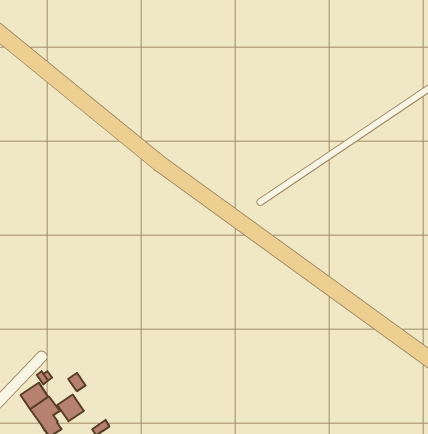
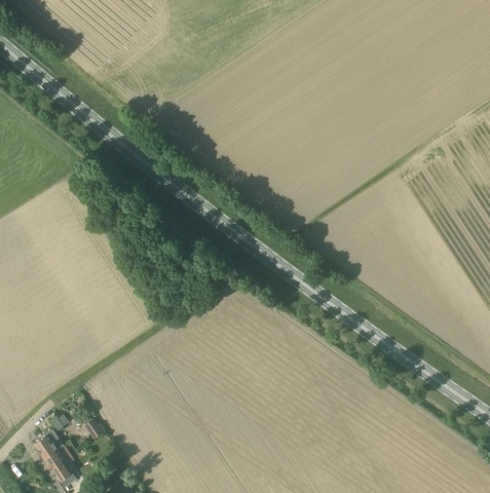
building: [57,395,84,421] -> none

